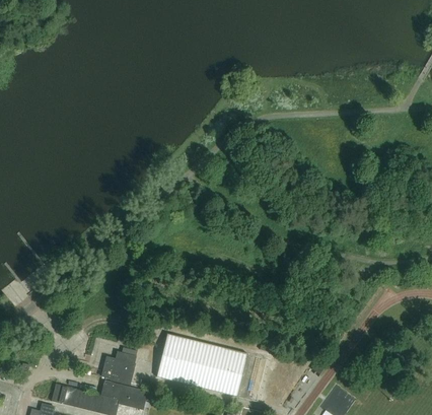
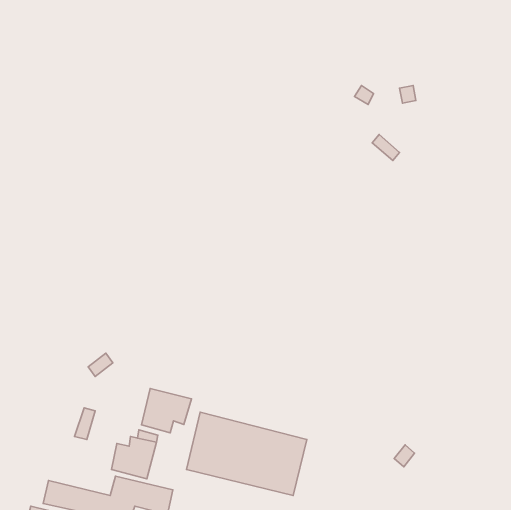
building: none -> [142,389,192,433]

